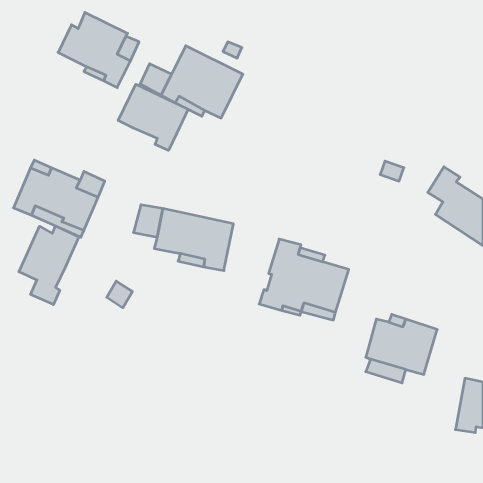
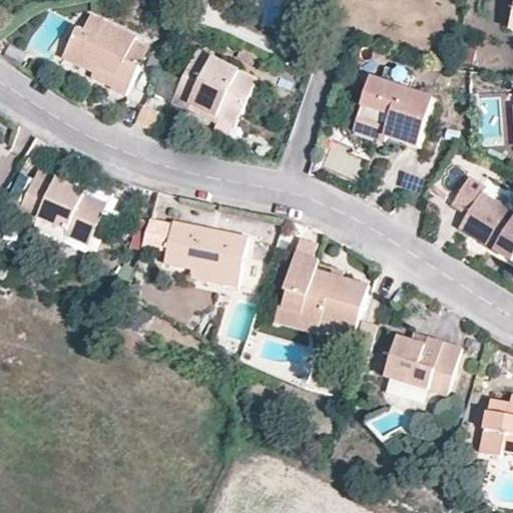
building: none -> [353,76,433,145]
building: [118,84,188,150] -> none
building: [19,226,79,305] -> none

